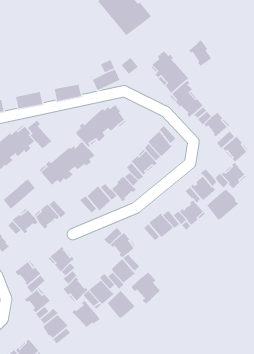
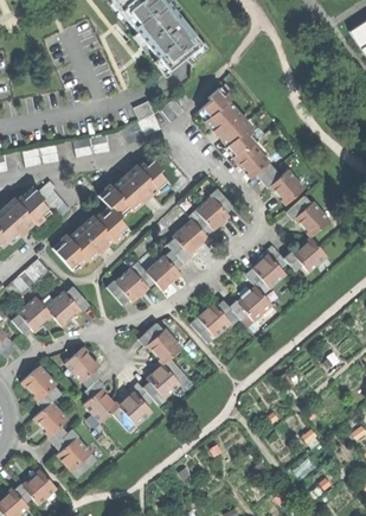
building: [188,39,212,67] -> none
building: [206,189,239,221] -> none
building: [131,272,161,305] -> none
building: [107,290,135,319] -> none
building: [71,300,101,328] -> none

